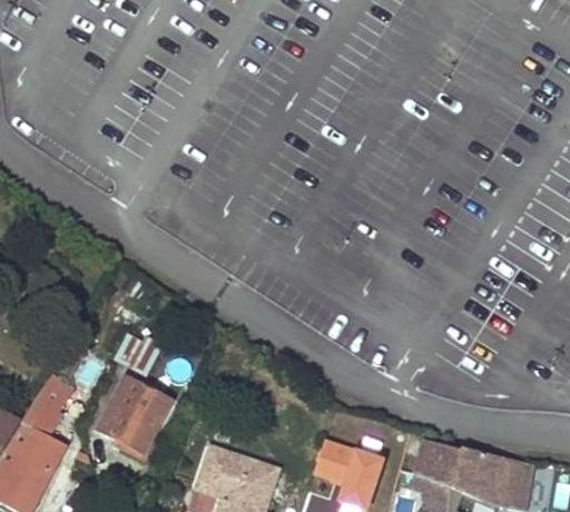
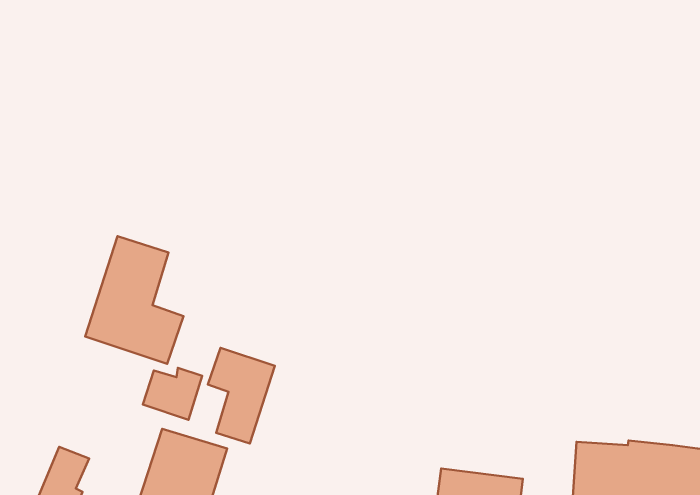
building: none -> [85,236,184,364]
building: none -> [208,348,275,443]

